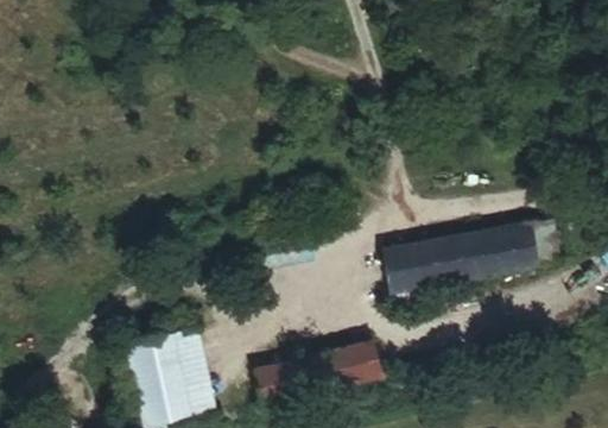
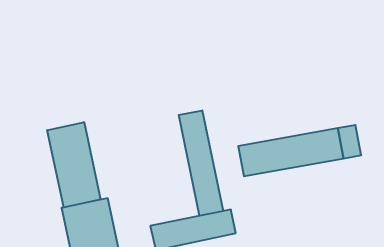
building: none -> [179,110,223,216]
building: none -> [47,122,101,207]

